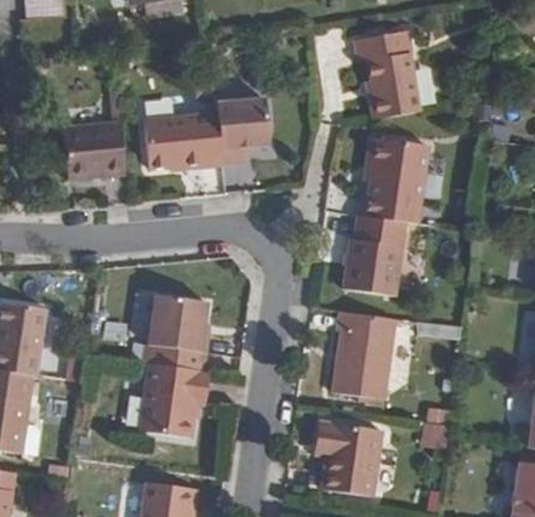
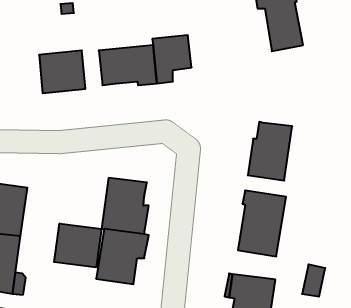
building: [366,137,431,222] -> none
building: none -> [54,223,102,267]

